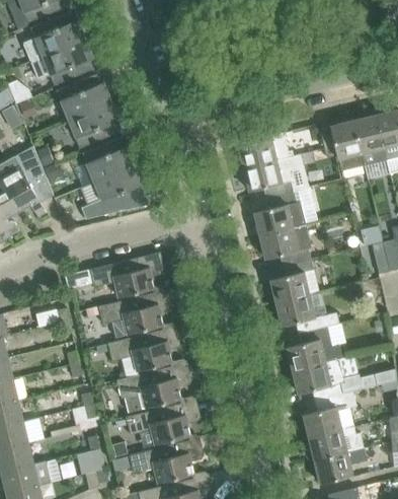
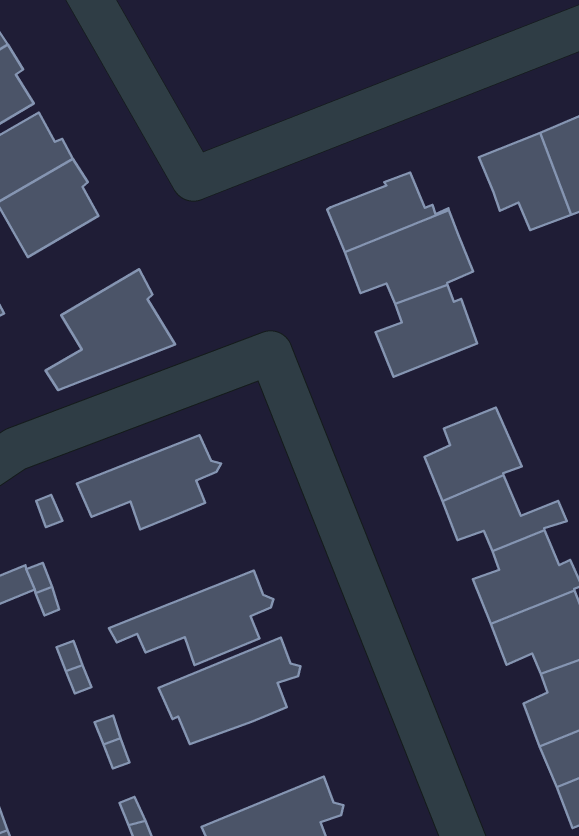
building: [81,137,136,181] -> none
building: [259,225,310,267] -> none
building: [86,289,172,338] -> none
building: [125,401,200,445] -> none

